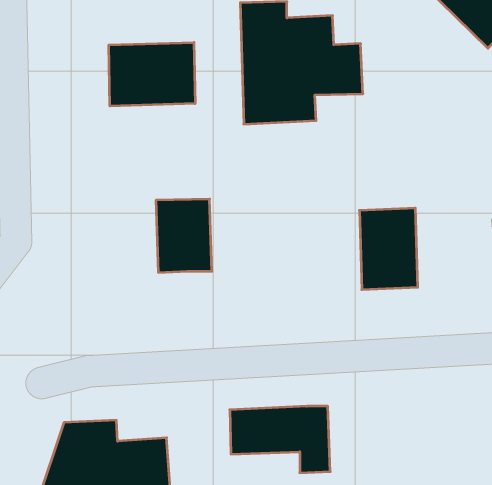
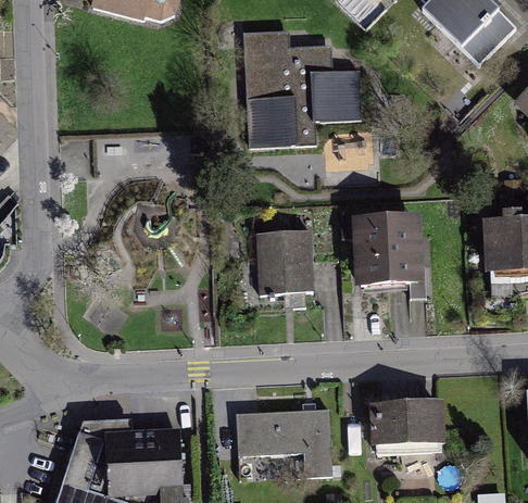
building: [109,42,195,106] -> none
building: [156,199,212,272] -> [257,234,310,302]
building: none -> [372,403,440,455]

